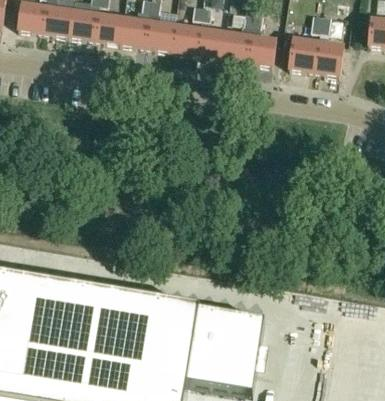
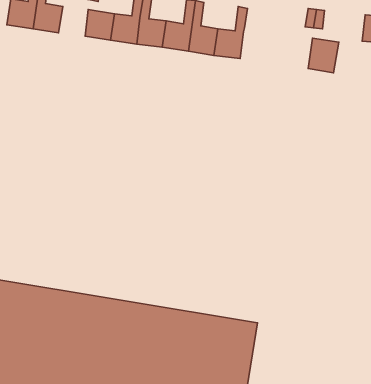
building: [69,10,98,39] -> none
building: [248,12,277,65] -> none
building: [289,37,319,71] -> none

